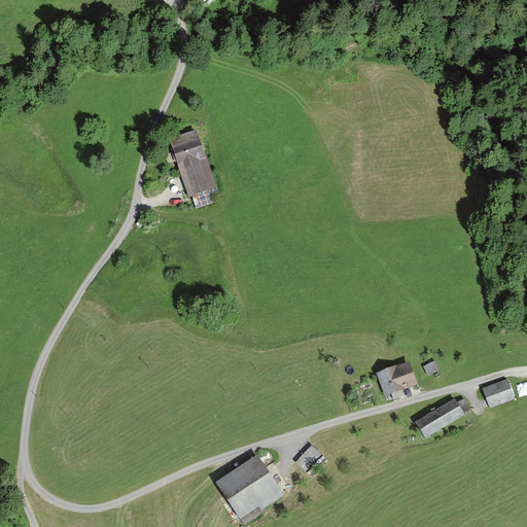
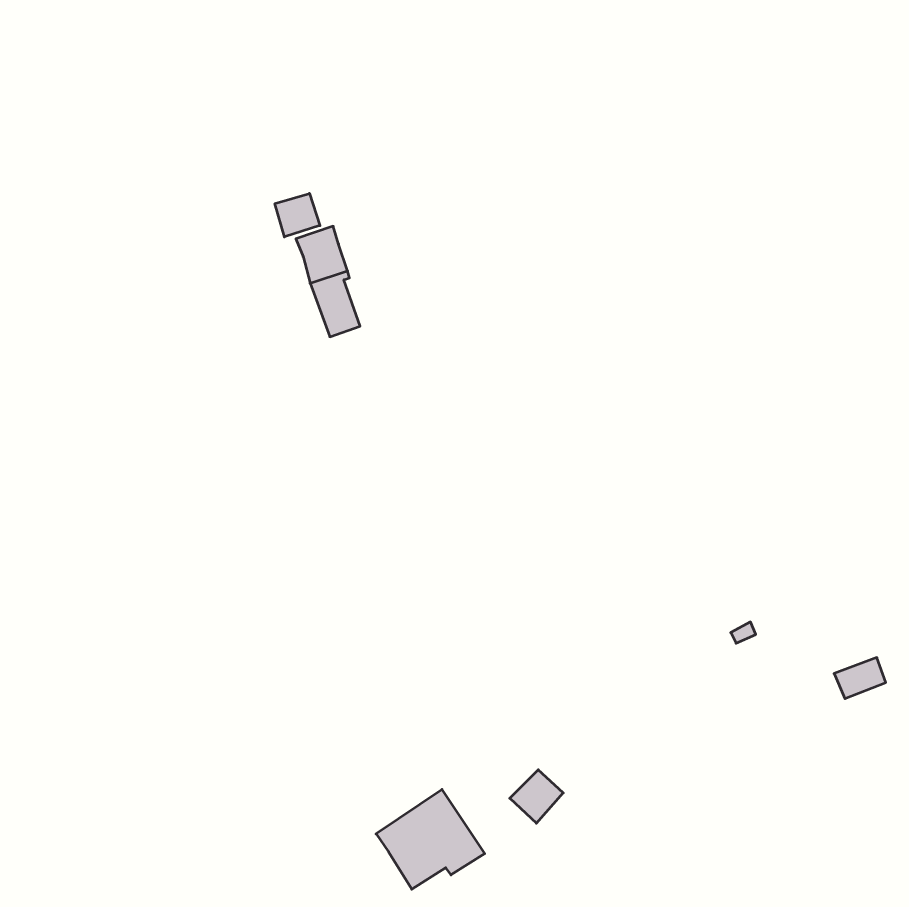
building: none -> [275,193,320,237]
building: [378,363,415,396] -> none
building: [415,397,469,435] -> none

